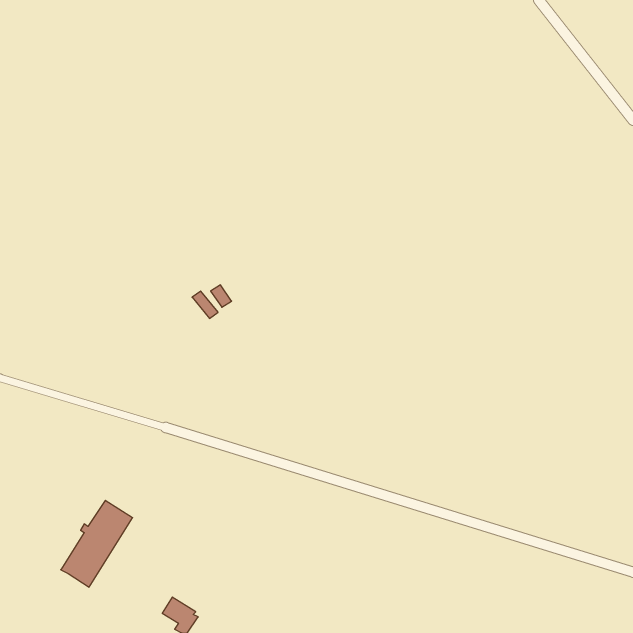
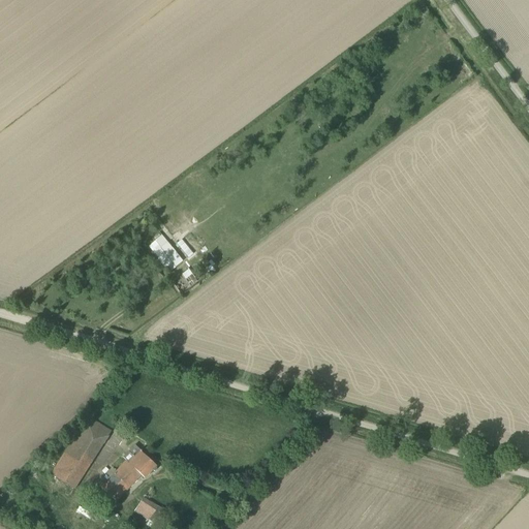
building: none -> [101,445,157,501]

